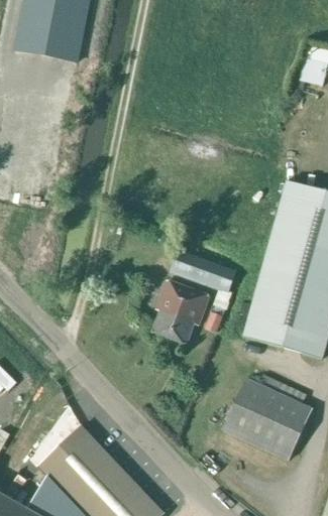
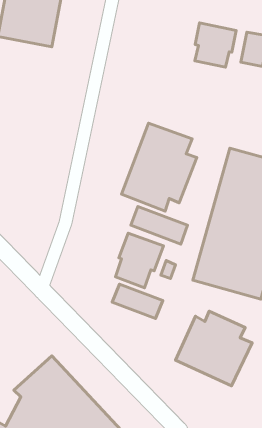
building: none -> [195,23,236,67]
building: none -> [121,123,197,211]
building: none -> [112,284,163,319]

